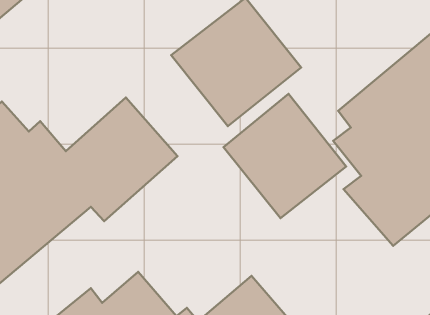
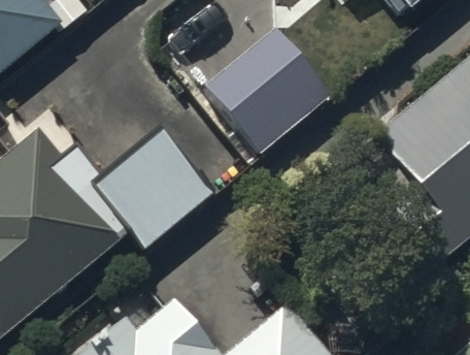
building: [224,94,346,218] -> none

